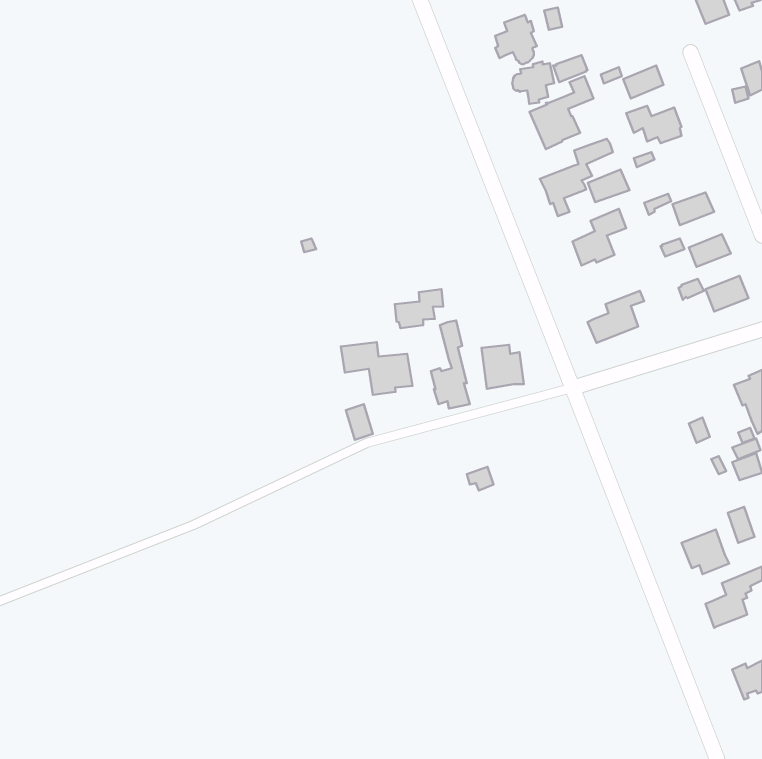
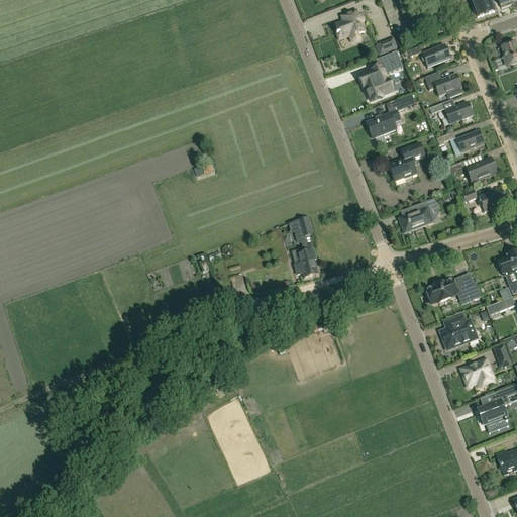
building: [512,61,554,104] -> none
building: [588,169,630,202] -> [444,101,473,123]
building: [395,289,443,328] -> none
building: [341,342,412,395] -> none
building: [481,345,524,389] -> none
building: none -> [425,277,466,304]
building: none -> [438,314,479,351]

